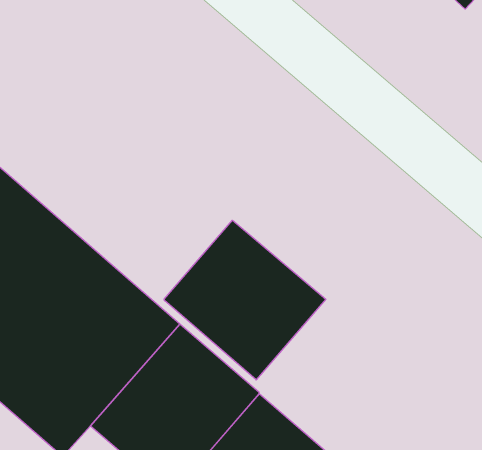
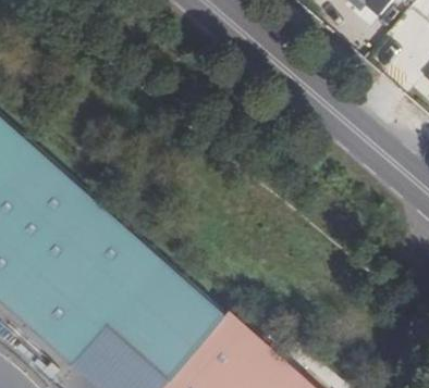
building: [164,220,326,380] -> none

